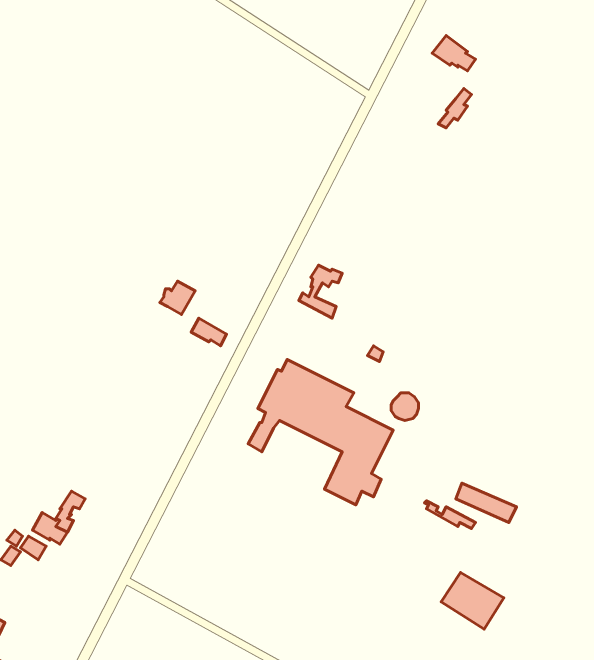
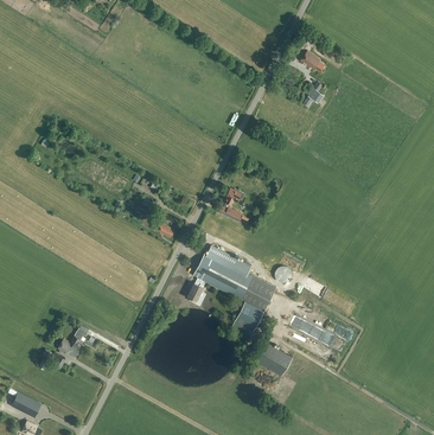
building: [441,572,504,629] -> [255,341,293,376]

